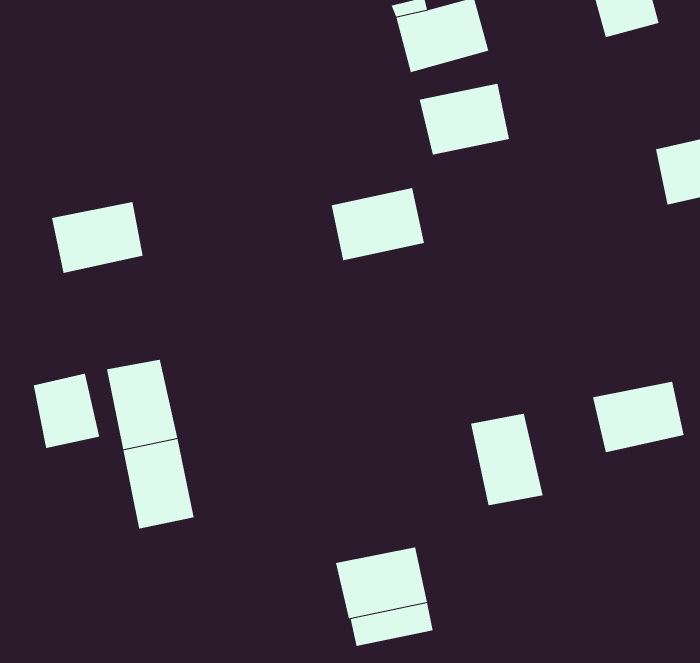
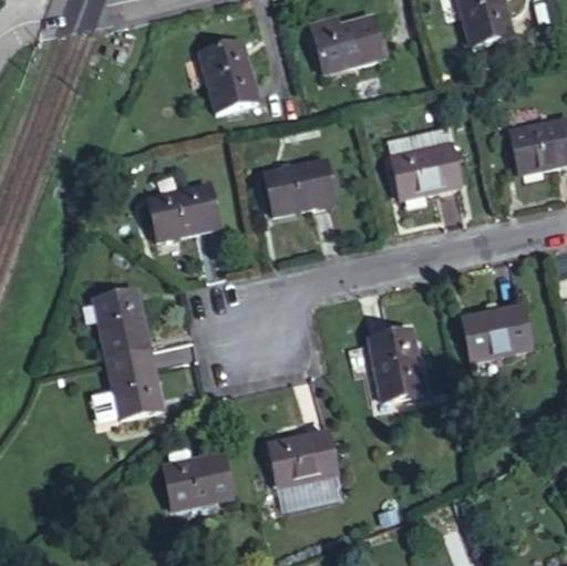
building: none -> [200,41,257,112]
building: [419,83,510,155] -> [391,144,460,198]
building: [51,202,143,274] -> [148,185,218,239]
building: [33,373,100,449] -> none
building: none -> [164,453,233,508]

